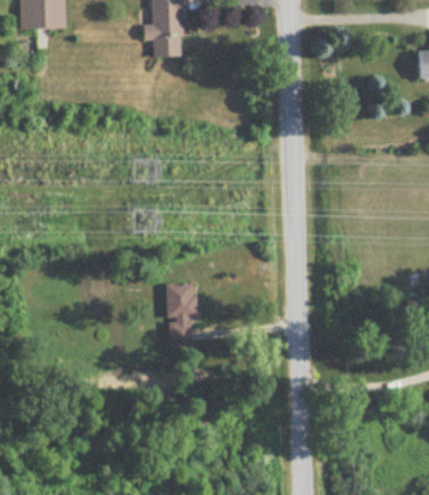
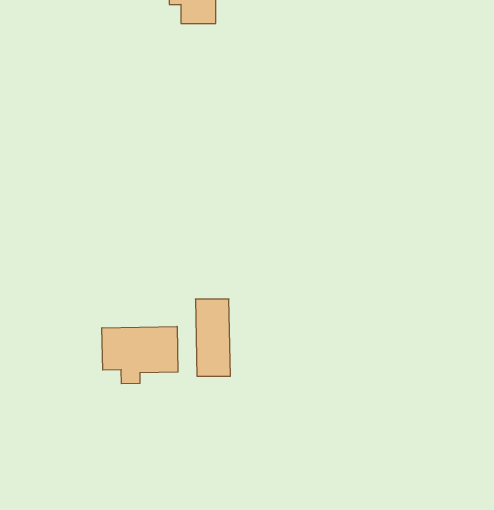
building: none -> [102,326,178,384]

